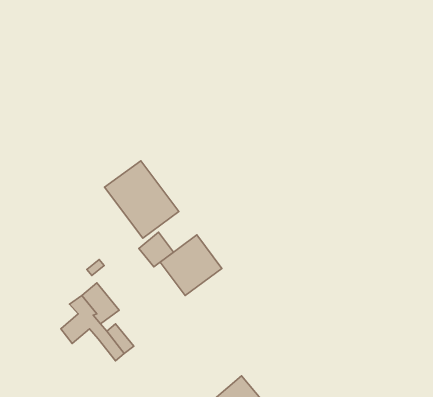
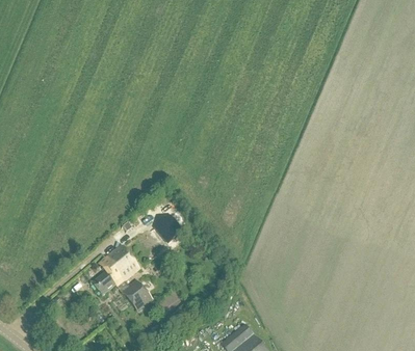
building: [105,161,179,238] -> none
building: [160,235,222,296] -> none

